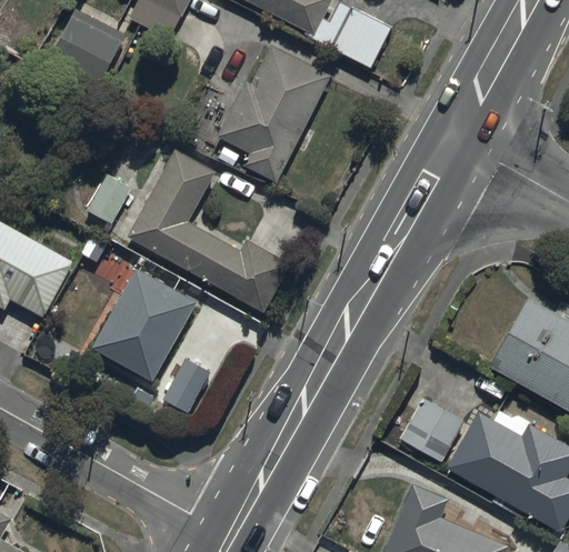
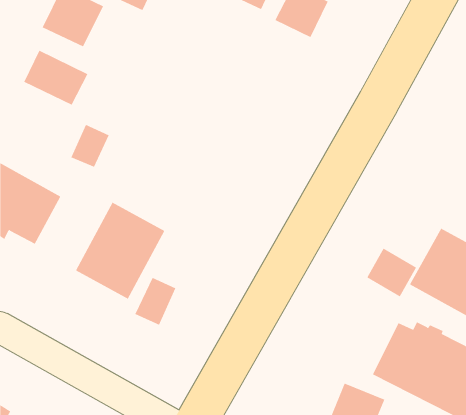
building: [217,44,331,183] -> none
building: none -> [24,50,88,105]
building: [126,151,292,313] -> none
building: [405,398,465,456] -> [367,248,417,297]

